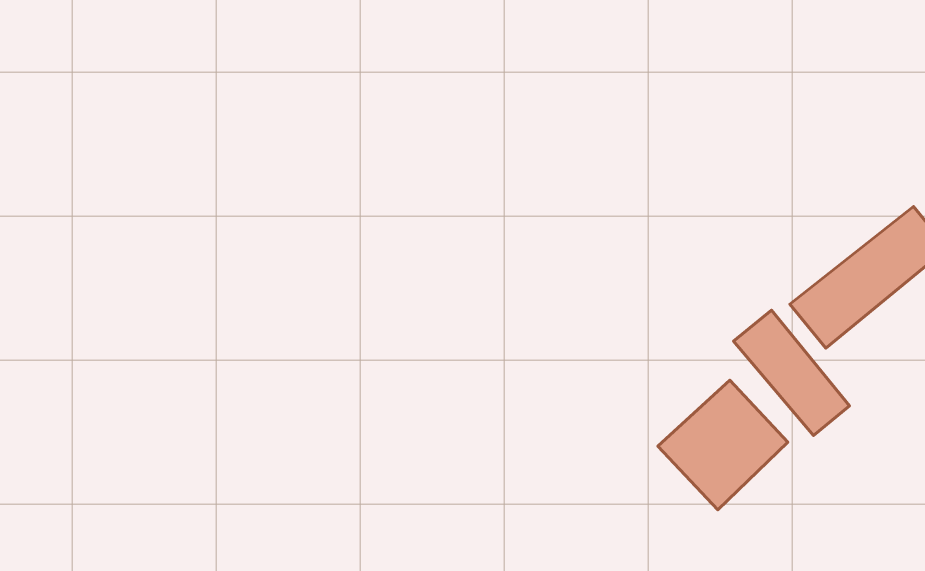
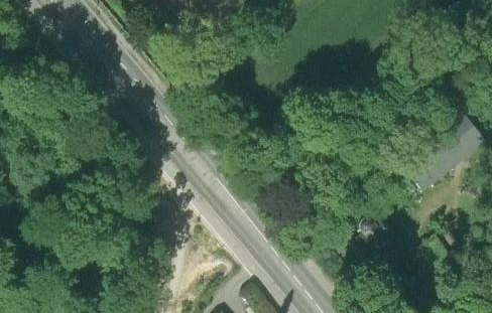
building: [733,310,850,436] -> none

